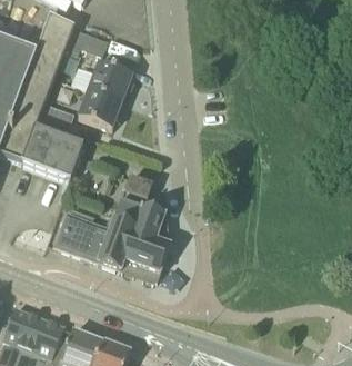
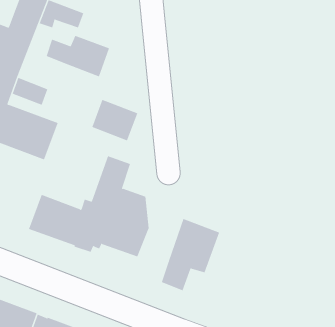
building: [78,86,122,126] -> [91,99,138,141]
building: none -> [161,218,220,291]

